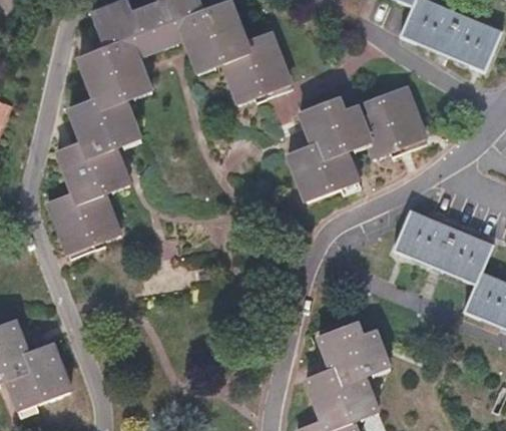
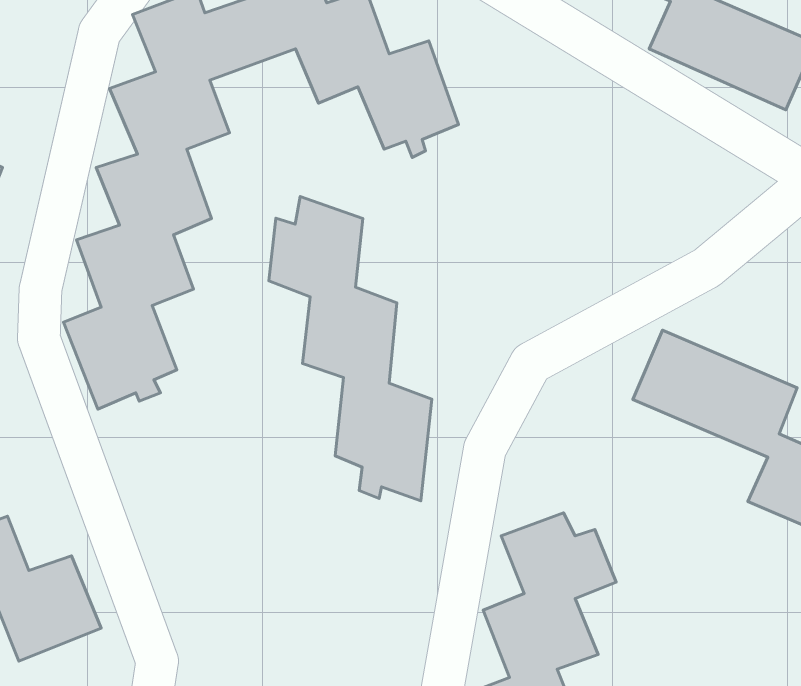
building: [292,85,426,201] -> none
building: none -> [269,197,432,501]

